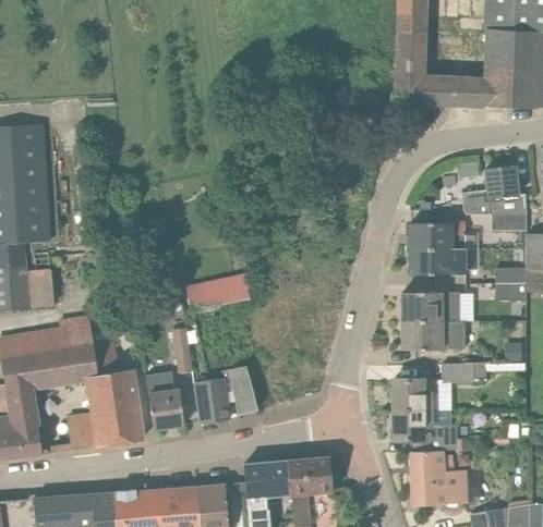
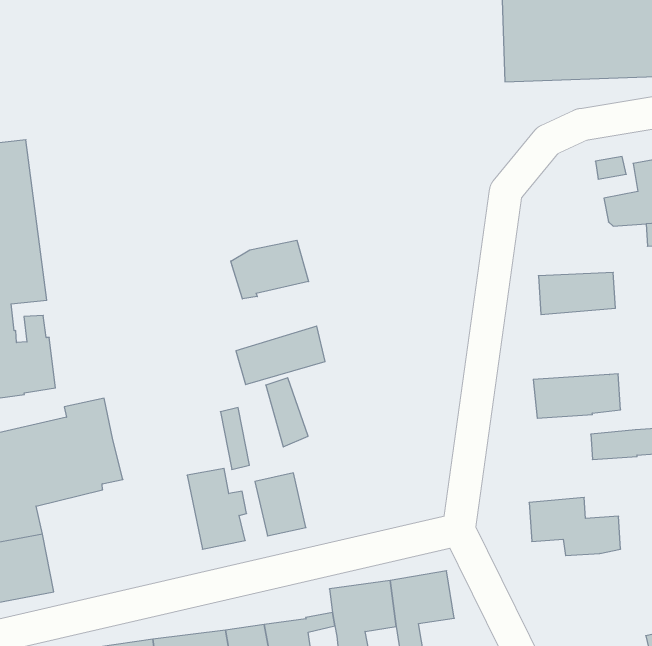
building: none -> [231,240,309,299]
building: [409,222,464,247] -> none
building: [401,292,457,321] -> none
building: [64,342,142,450] -> none
building: [229,365,257,415] -> [266,378,308,447]
building: [393,379,437,410] -> none
building: [411,451,466,505] -> none

